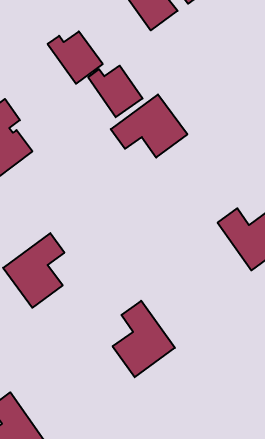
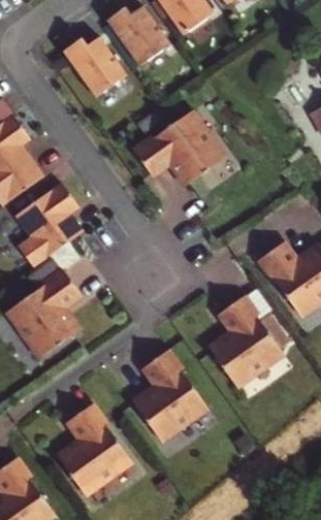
building: [88,66,143,117] -> [103,7,166,67]
building: none -> [14,183,83,268]
building: none -> [211,294,283,383]
building: none -> [59,402,131,491]

